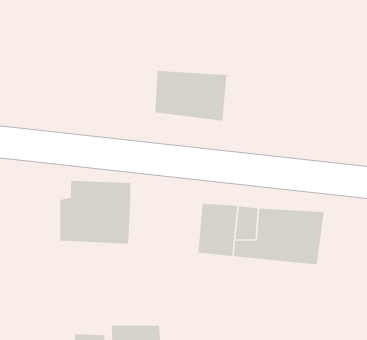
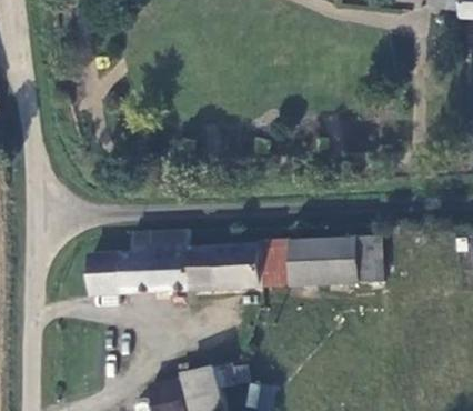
building: [154,70,227,121] -> [189,245,259,291]
building: none -> [87,254,123,298]

